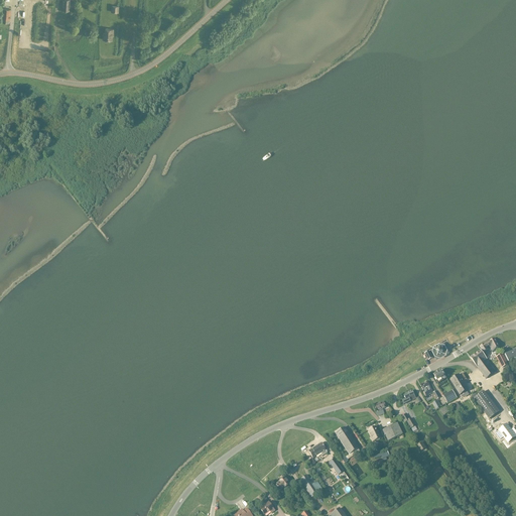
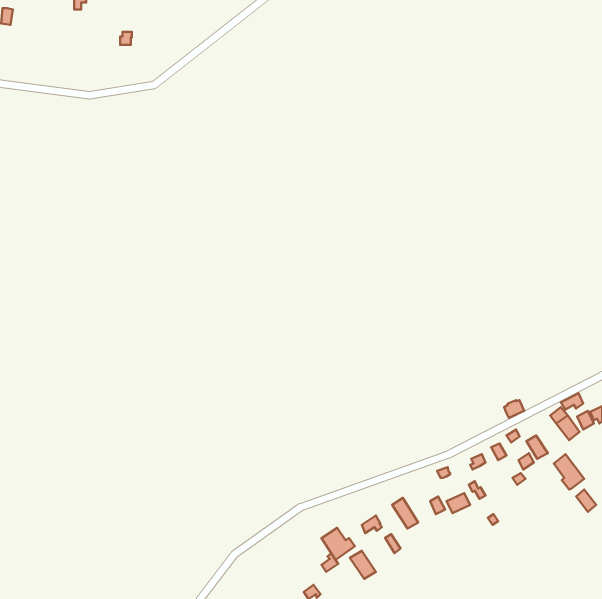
building: none -> [321,528,355,560]

